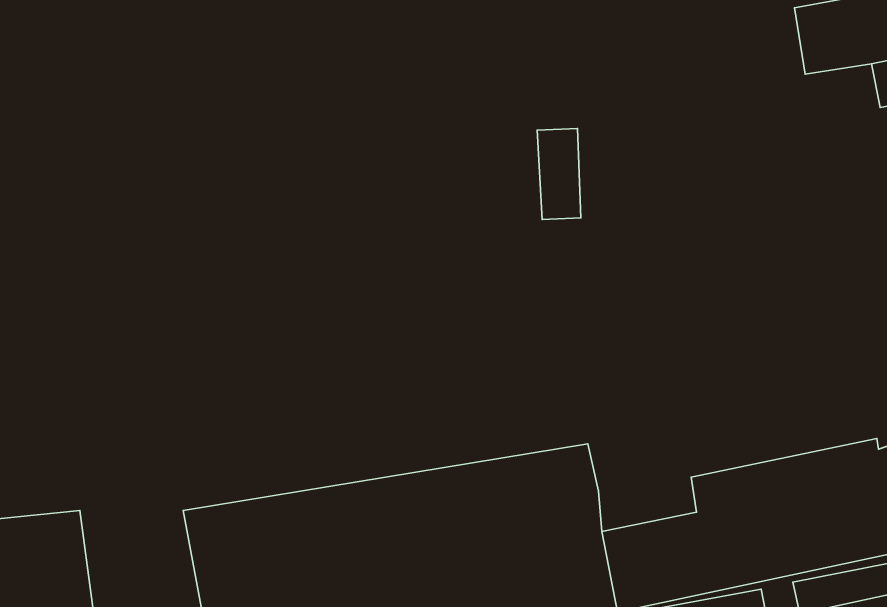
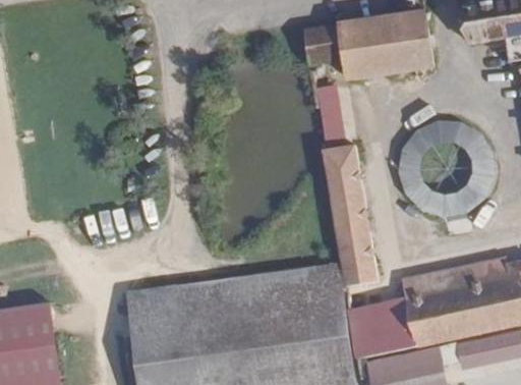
building: none -> [305,14,436,80]
building: none -> [387,110,500,223]
building: none -> [326,148,380,290]

